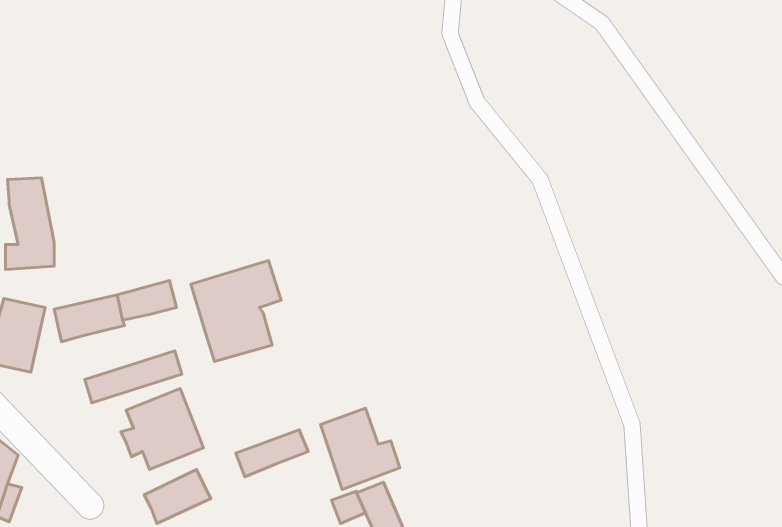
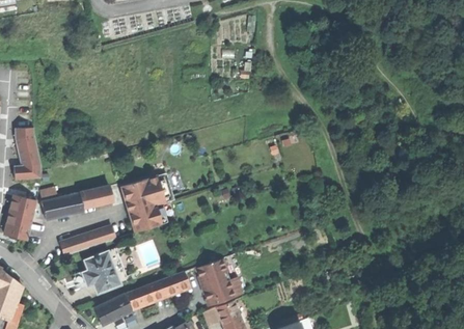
building: none -> [124,285,153,309]

